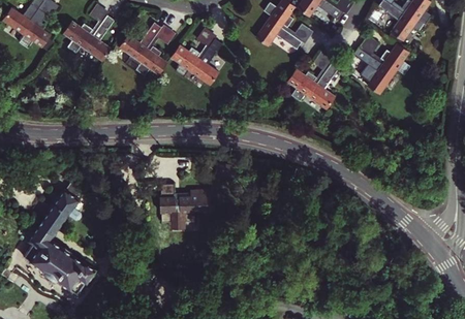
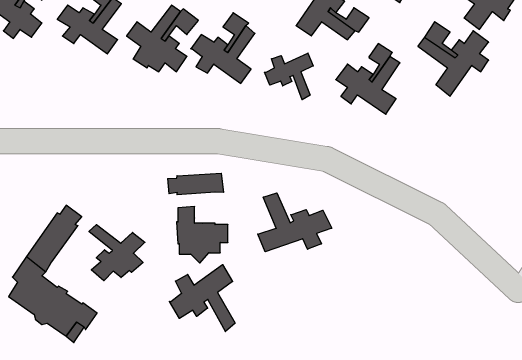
building: none -> [264,53,313,100]
building: none -> [168,173,224,195]
building: none -> [258,193,332,252]
building: none -> [89,225,145,281]
building: none -> [169,265,235,332]

